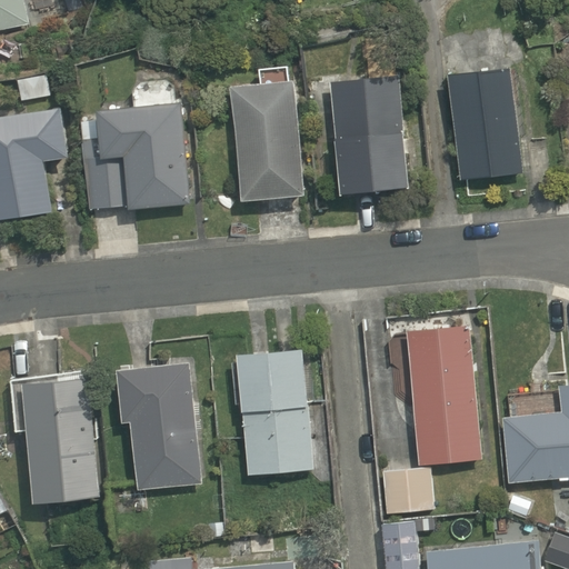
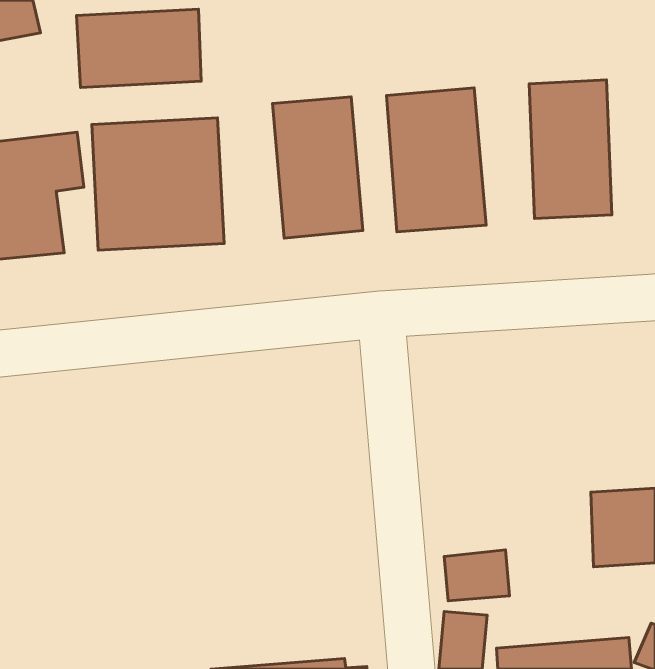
building: none -> [76,9,201,87]
building: [403,323,479,465] -> none
building: [240,355,312,479] -> none
building: [121,367,194,489] -> none
building: [7,373,96,502] -> none

